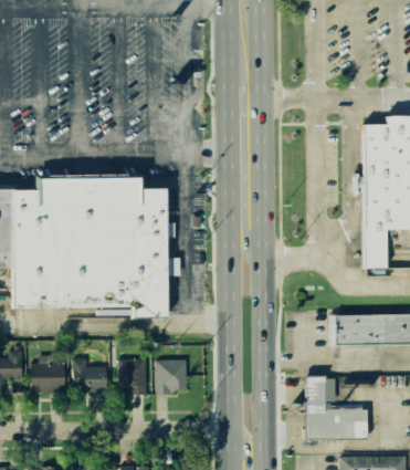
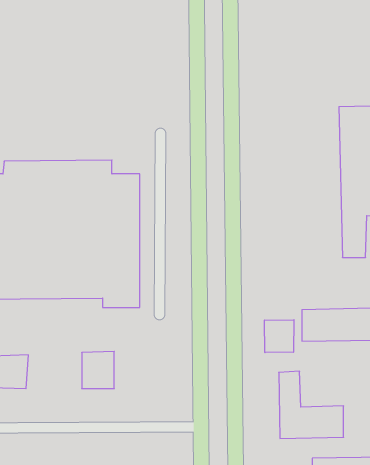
building: none -> [265,320,294,353]
building: [71,355,108,390] -> none
building: [154,355,188,394] -> none

